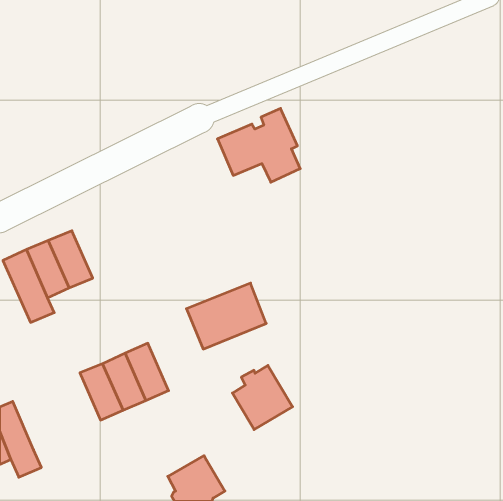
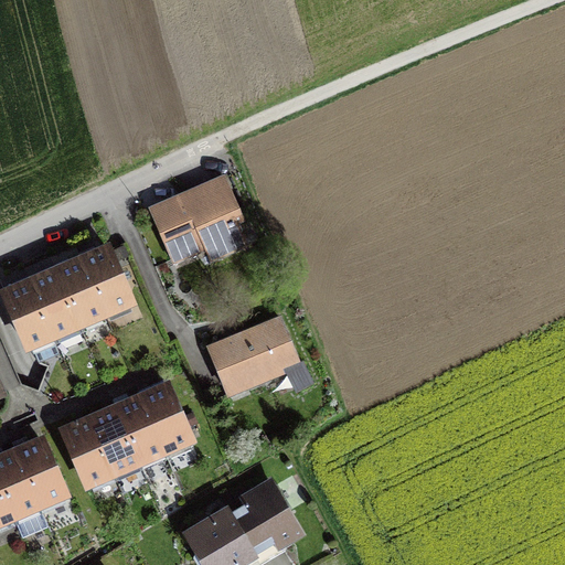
building: [217,108,300,182] -> [151,174,244,257]
building: none -> [81,246,130,311]
building: [232,365,293,430] -> [231,483,298,555]
building: none -> [64,417,113,482]
building: none -> [14,438,64,503]

